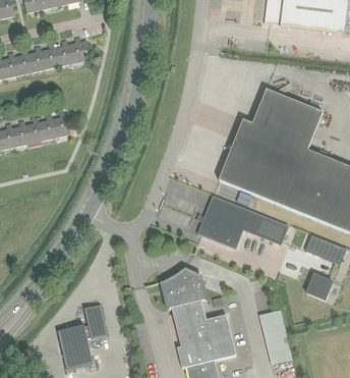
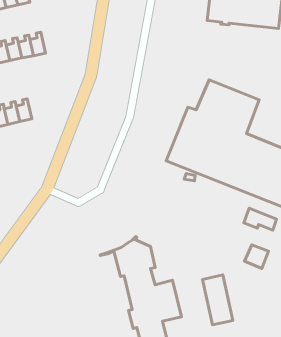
building: [197,195,289,249] -> none
building: [58,305,107,371] -> none

